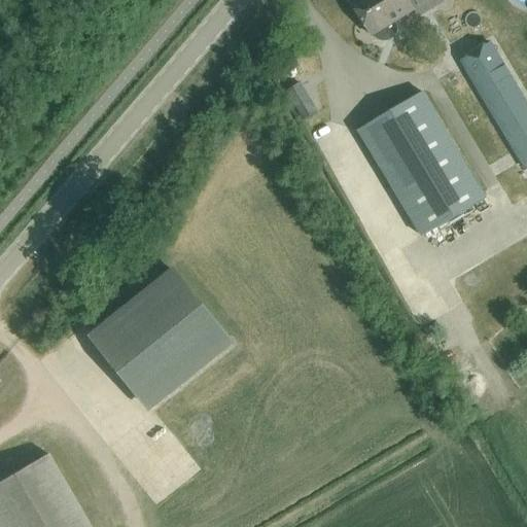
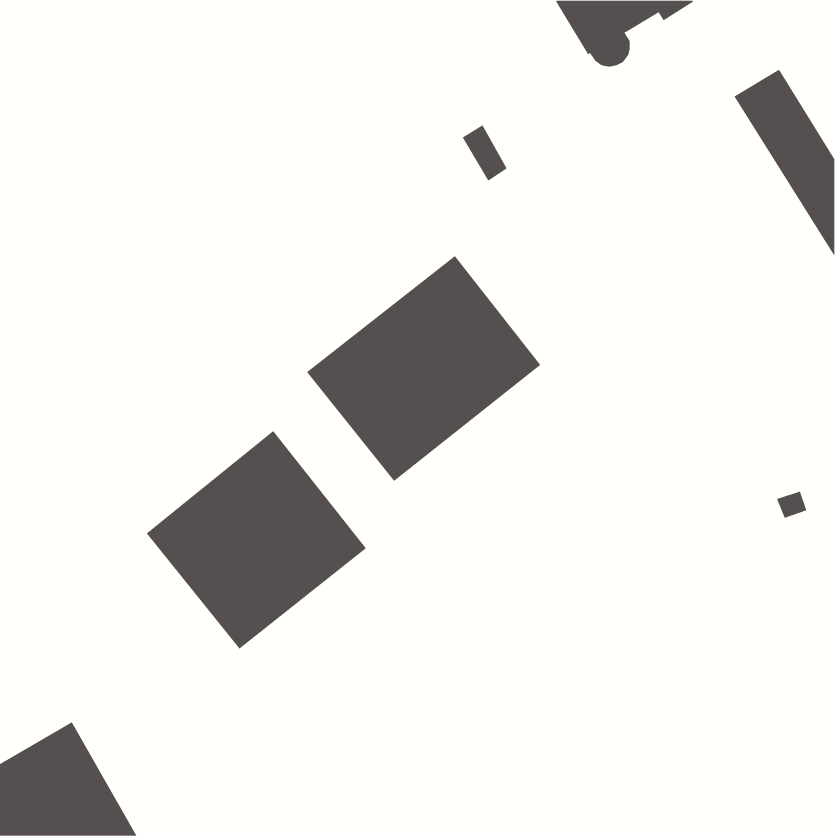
building: [358,91,488,235] -> none
building: none -> [306,255,541,482]

